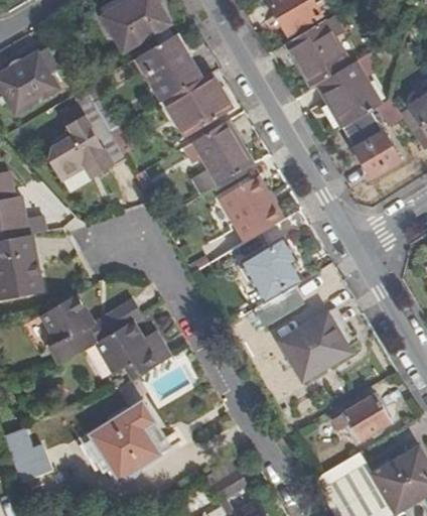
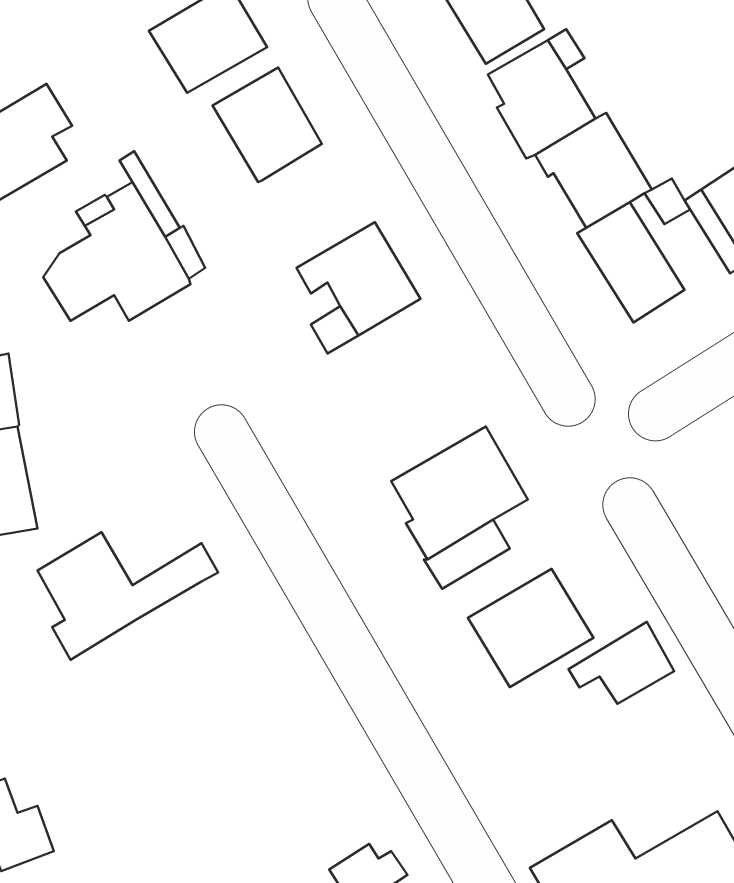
building: [165,73,231,135] -> none
building: [221,176,285,243] -> none
building: [96,321,170,380] -> none
building: [332,395,391,440] -> [568,622,674,704]
building: [91,403,160,480] -> none

